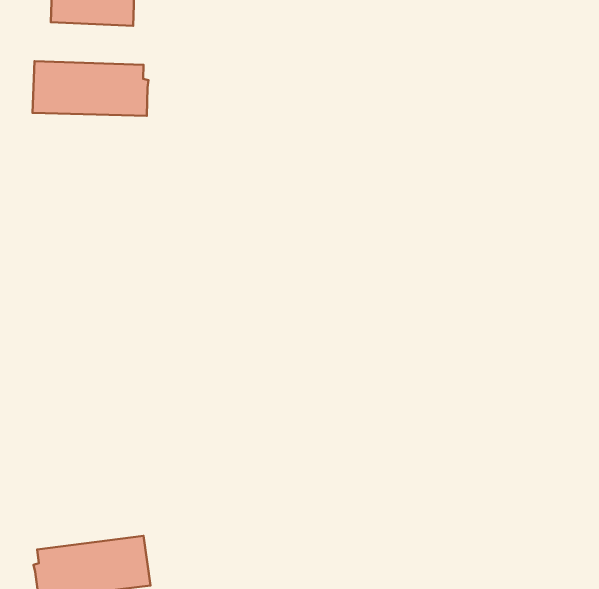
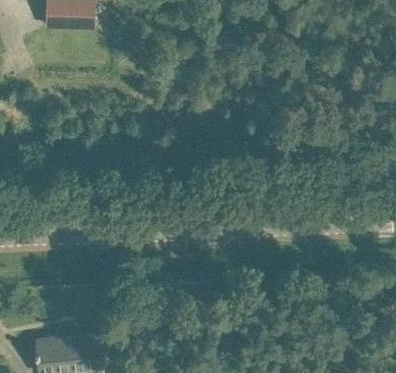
building: [33,61,149,116] -> none

